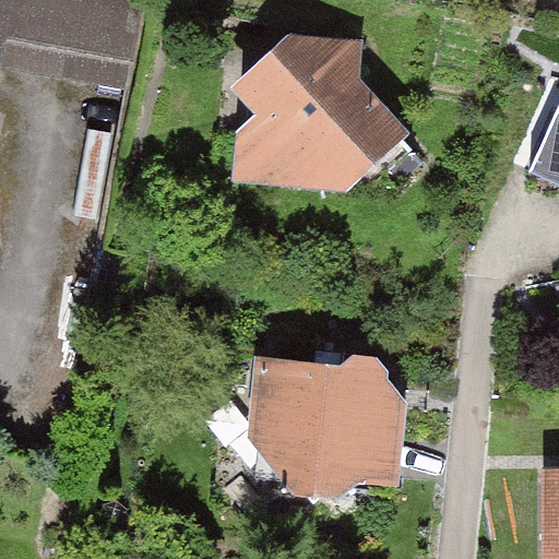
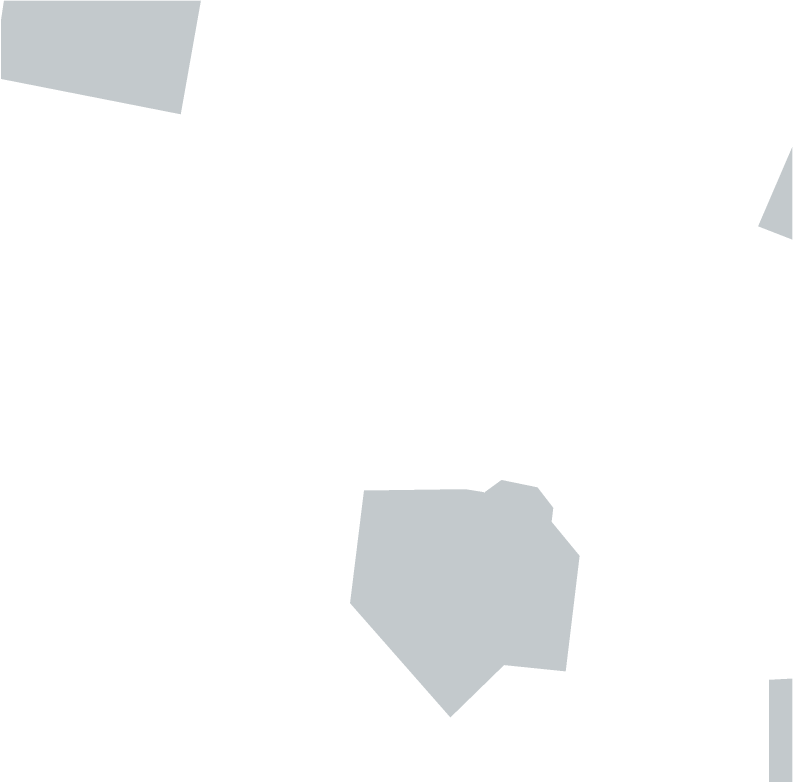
building: [230,41,390,204] -> none

